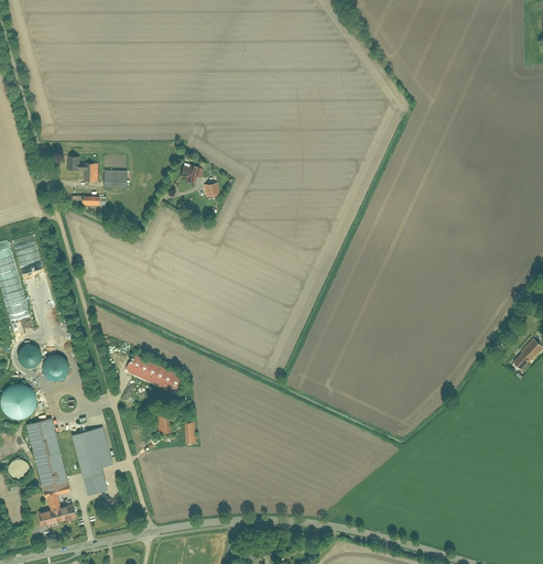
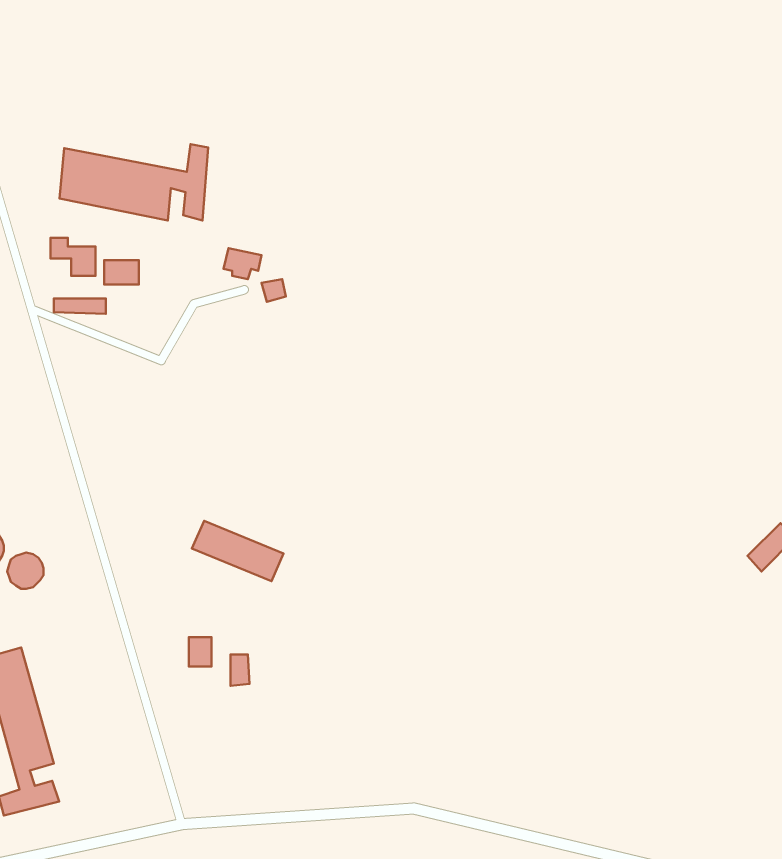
building: none -> [59,144,208,220]
building: [124,355,183,393] -> [192,521,284,581]
building: [70,427,112,480] -> none

